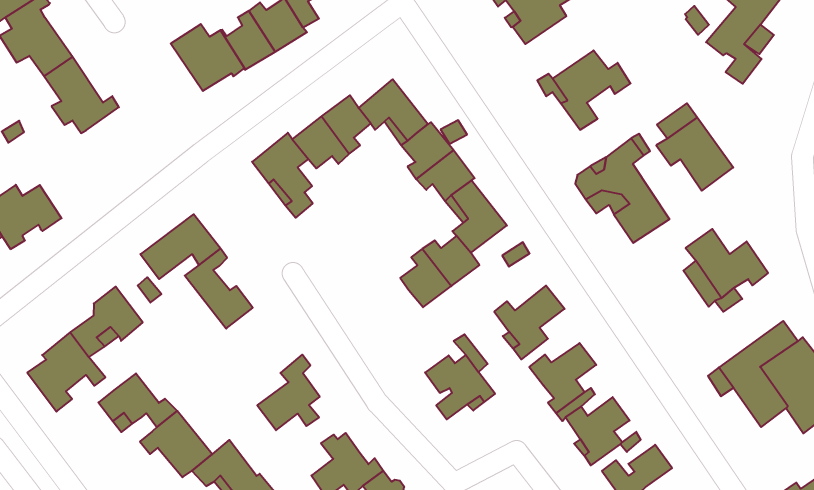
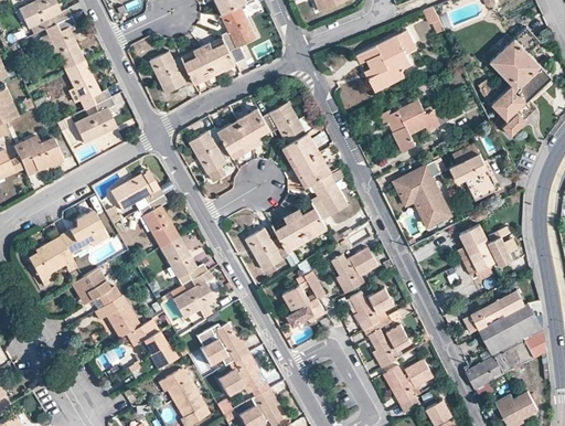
building: none -> [73,96,116,143]
building: none -> [246,228,289,270]
building: none -> [159,236,205,286]
building: none -> [465,347,520,388]

